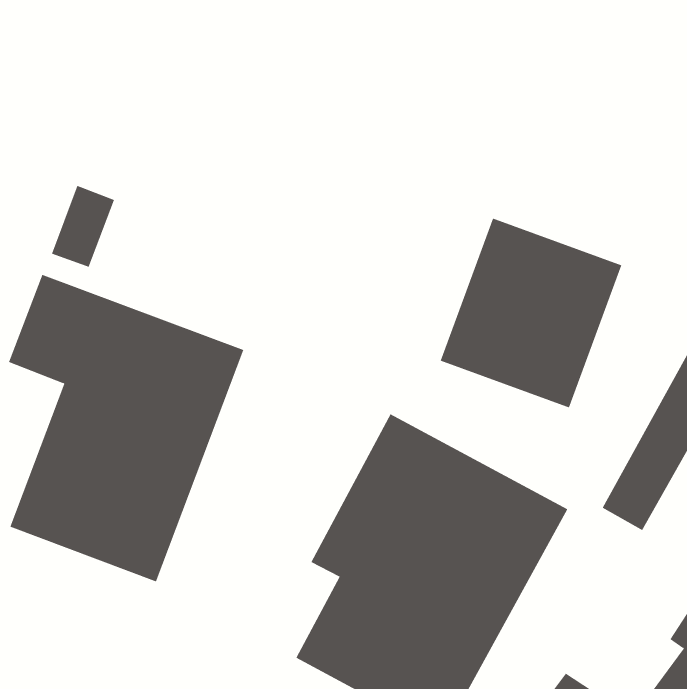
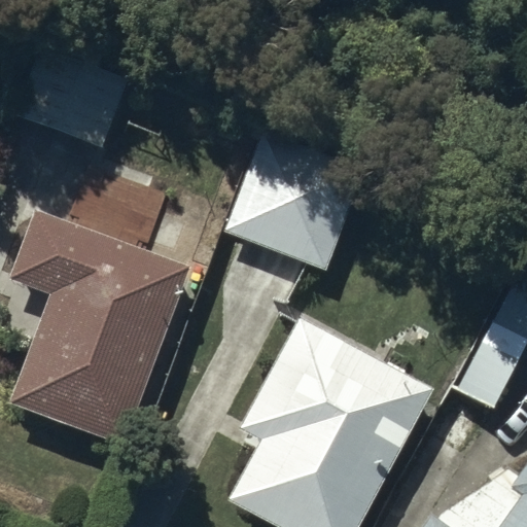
building: none -> [21,30,128,145]
building: [440,218,622,408] -> [225,124,364,269]

